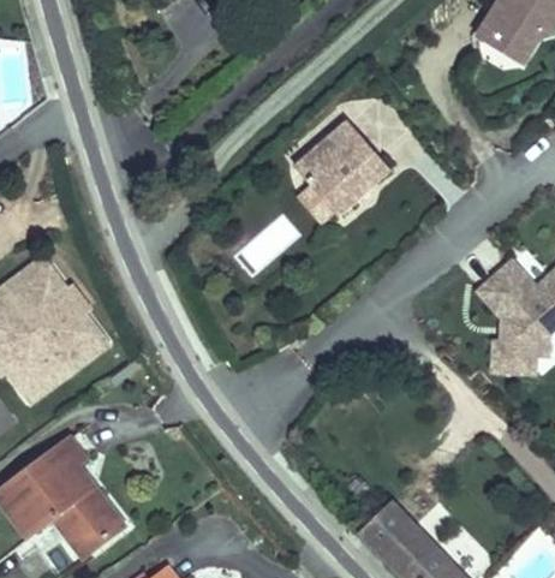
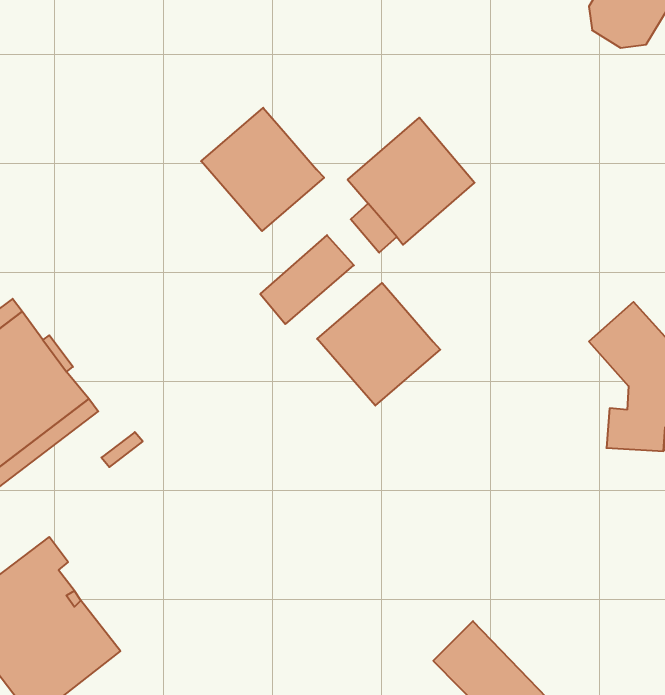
building: none -> [201,108,324,231]
building: none -> [317,283,440,406]

